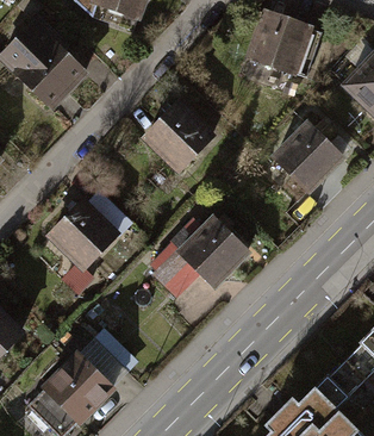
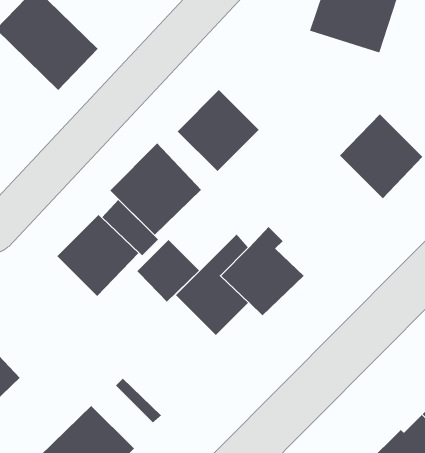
building: none -> [109,143,202,235]
building: none -> [137,239,200,302]

